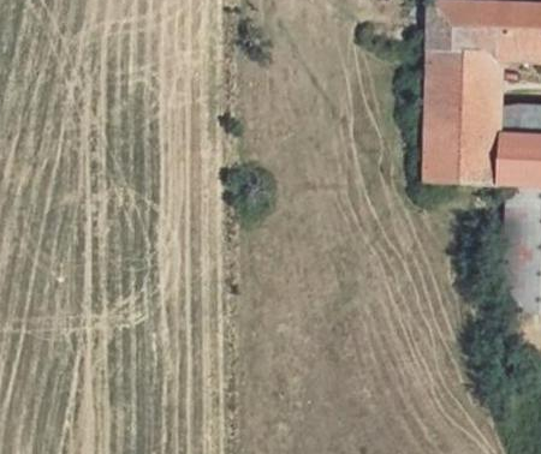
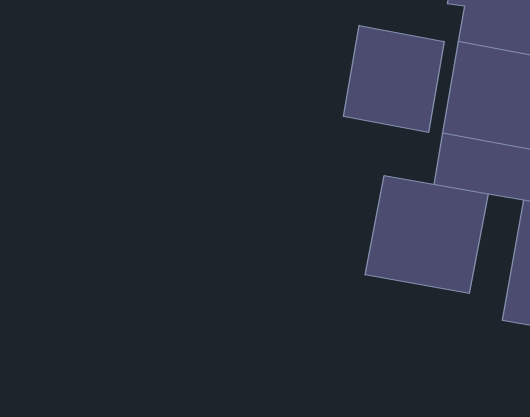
building: none -> [343,25,444,132]
building: none -> [365,176,488,293]

